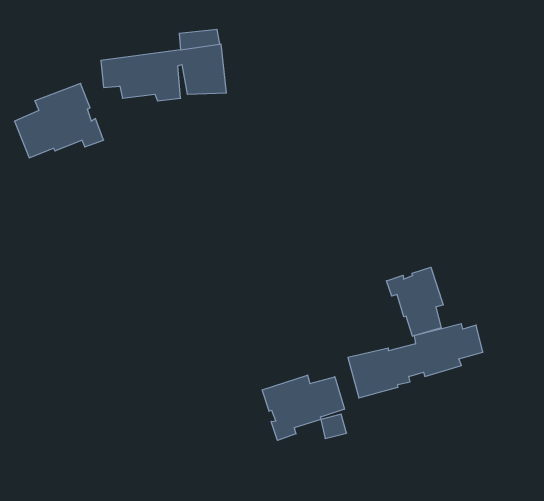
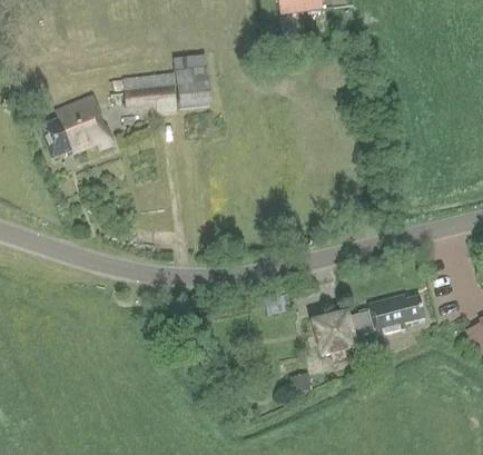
building: [386,267,443,336] -> none
building: [262,375,344,440] -> none

